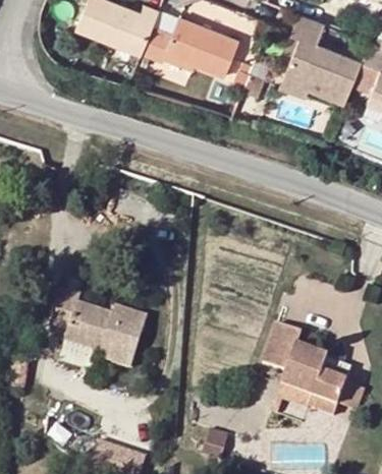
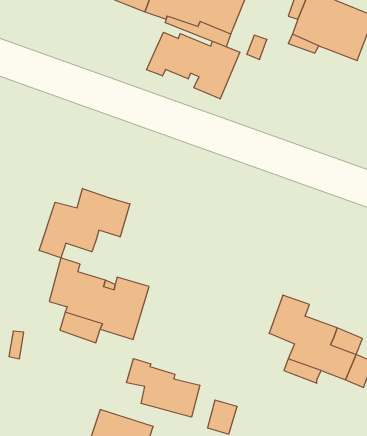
building: none -> [147,32,240,99]
building: none -> [39,188,130,258]
building: none -> [127,359,200,417]

